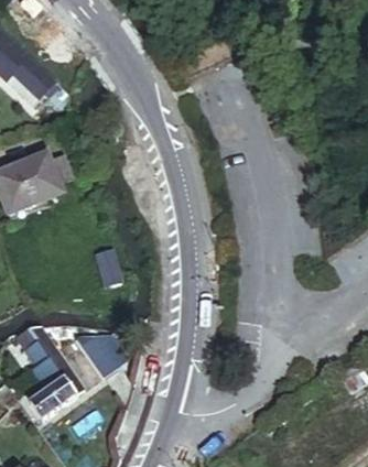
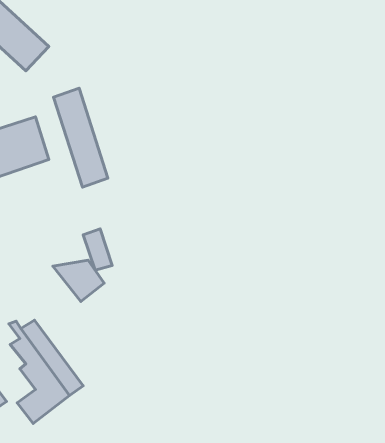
building: none -> [54,88,108,187]
building: [77,337,123,374] -> [53,260,104,301]

